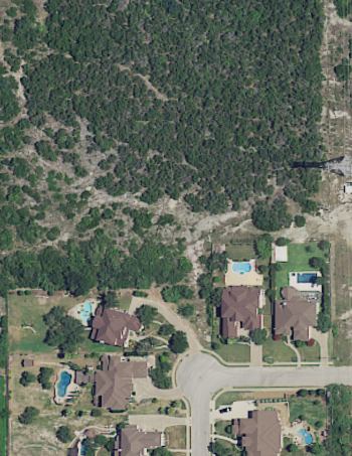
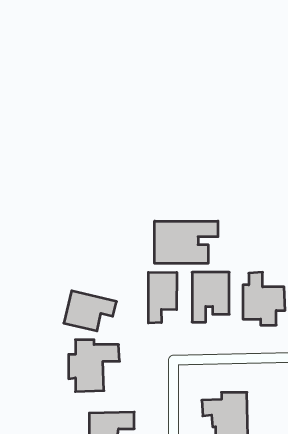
building: none -> [155,221,218,263]
building: none -> [148,272,177,323]

